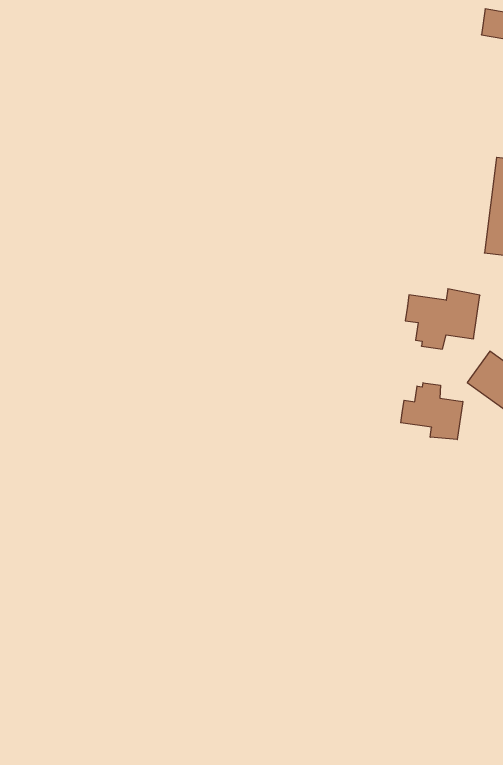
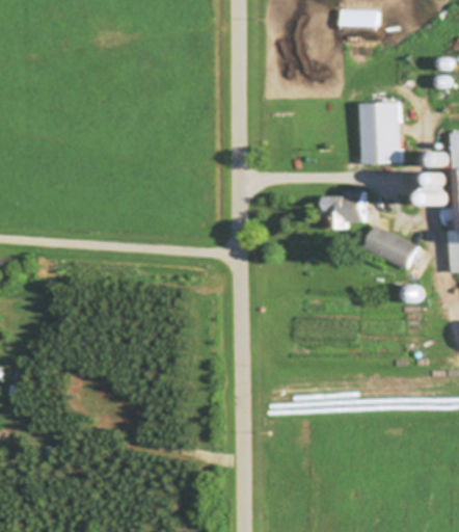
building: [401,383,463,440] -> none

